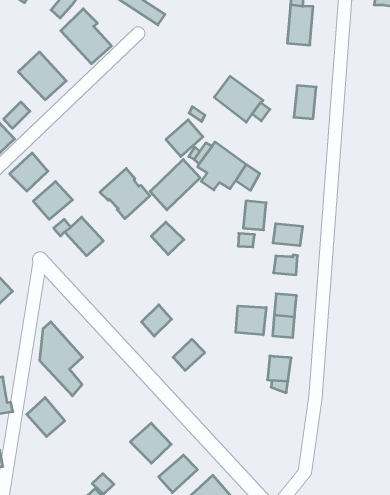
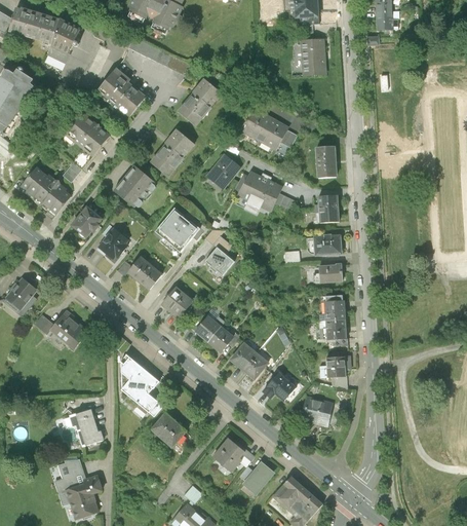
building: none -> [178,79,222,126]
building: [294,86,316,119] -> [316,146,335,176]
building: none -> [114,165,156,208]
building: [150,159,200,210] -> [150,130,193,178]
building: [243,201,266,230] -> [318,195,338,221]
building: none -> [161,286,194,318]
building: none -> [193,314,221,342]
building: [236,306,266,335] -> none
building: none -> [228,341,255,370]
building: none -> [262,372,297,402]
building: none -> [301,396,333,426]
building: [27,397,65,437] -> [151,412,186,447]

